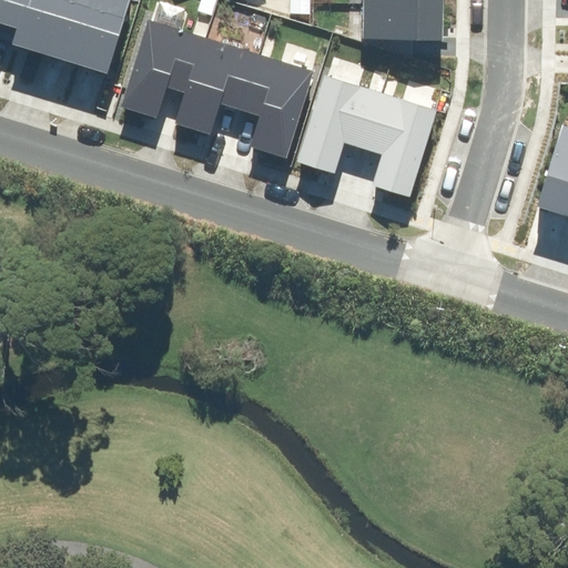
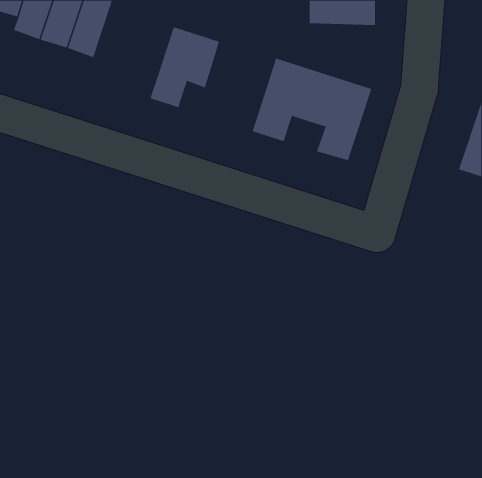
building: [121,20,203,116] -> none
building: [241,55,313,156] -> none

